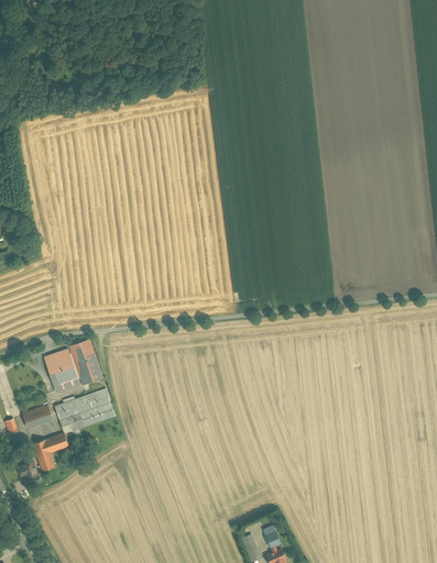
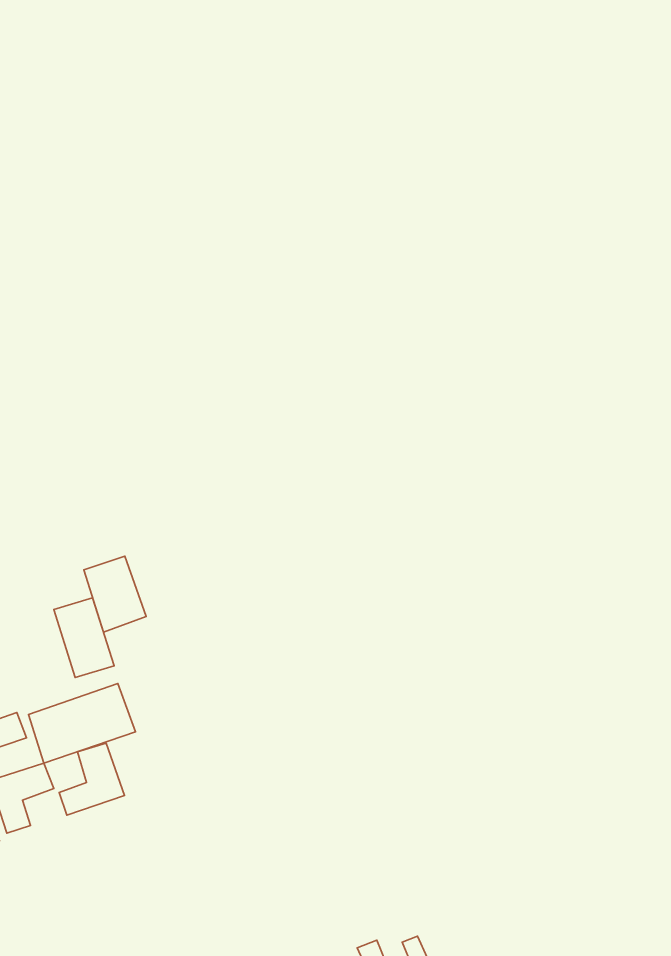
building: [43,347,78,390] -> [84,556,146,632]
building: none -> [59,743,125,815]

